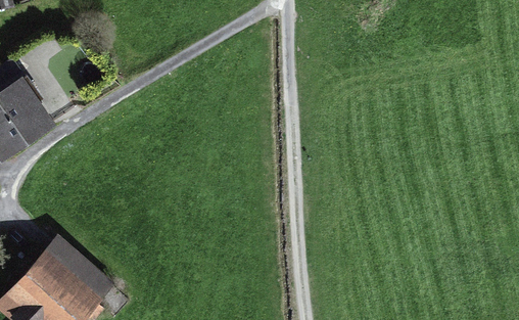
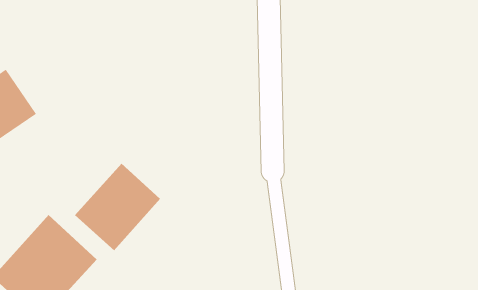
building: none -> [74,163,161,251]

